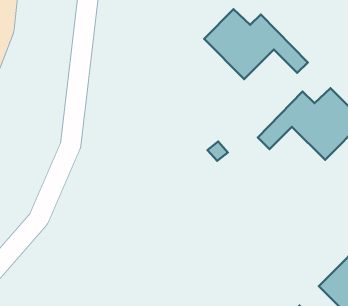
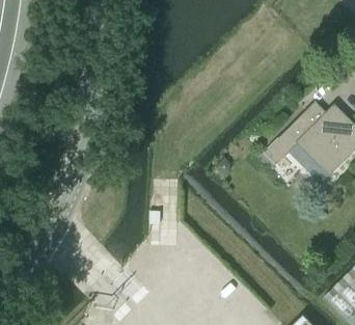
building: [204,9,308,79] -> none

